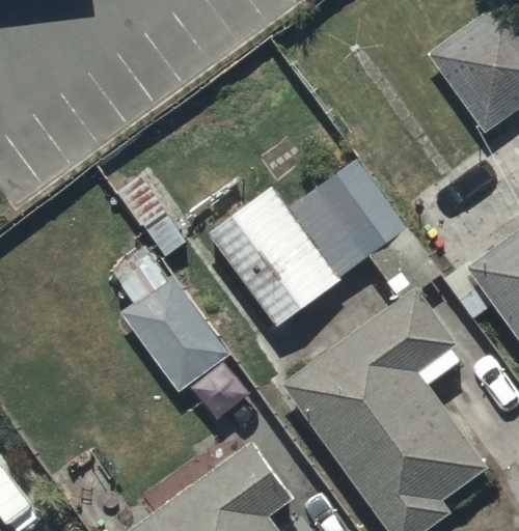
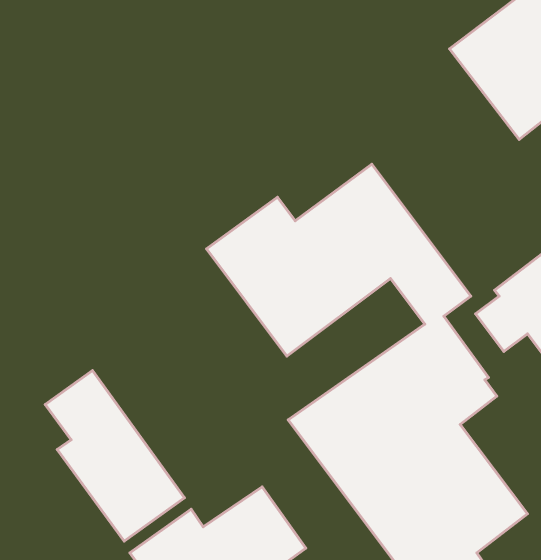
building: [110,244,233,394] -> [45,370,184,541]

